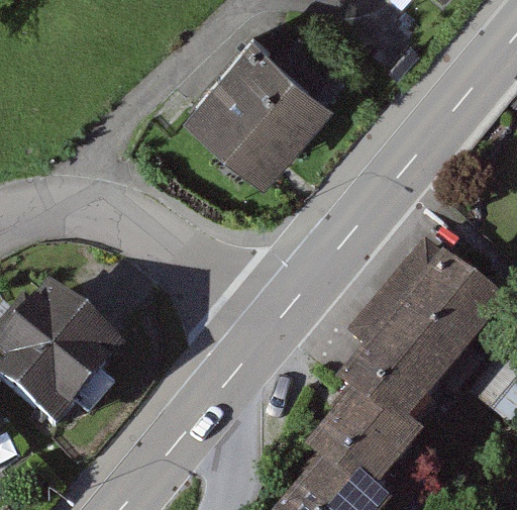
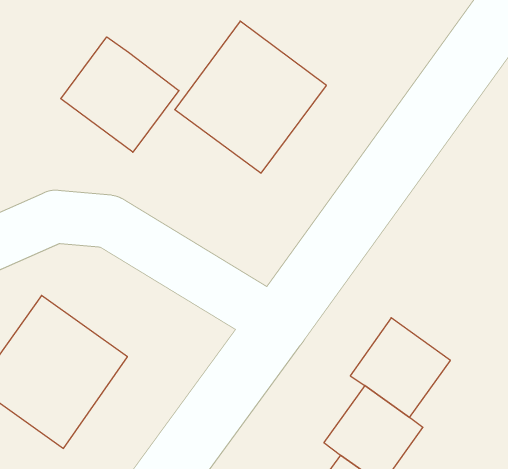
building: none -> [61,37,179,152]
building: [378,257,483,373] -> none

